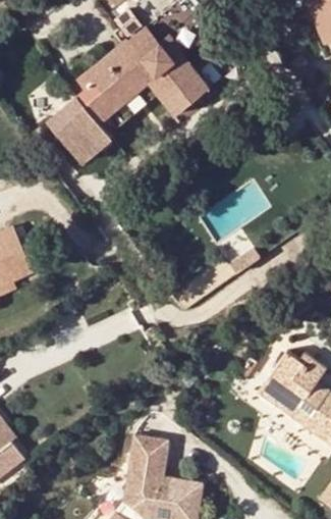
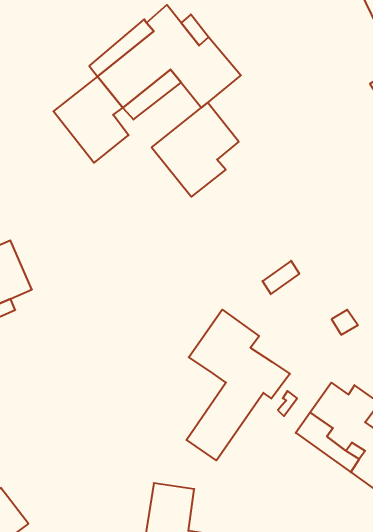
building: none -> [152,103,239,197]
building: none -> [186,310,290,460]

